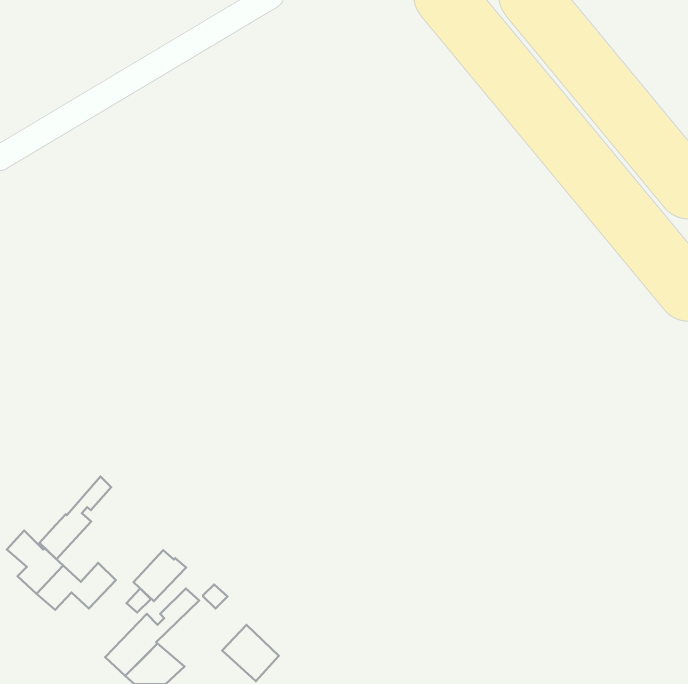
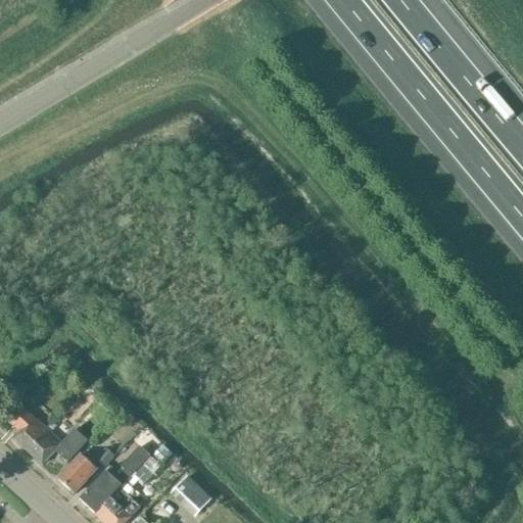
building: [40,477,111,559] -> none
building: [134,550,186,601] -> [58,454,98,492]

